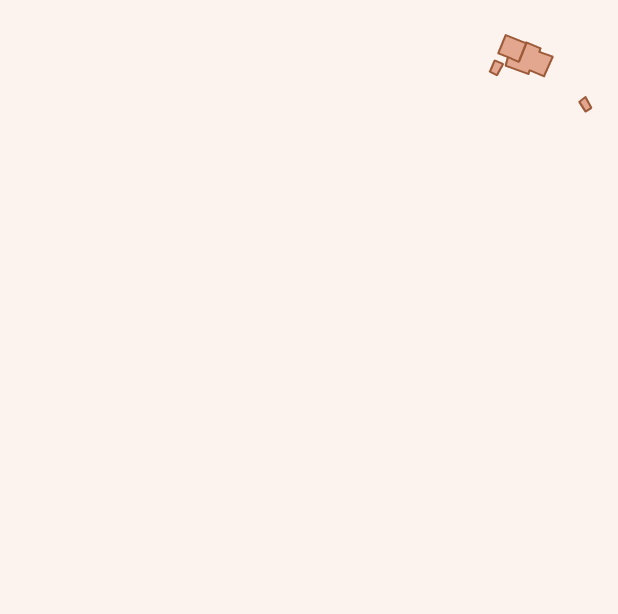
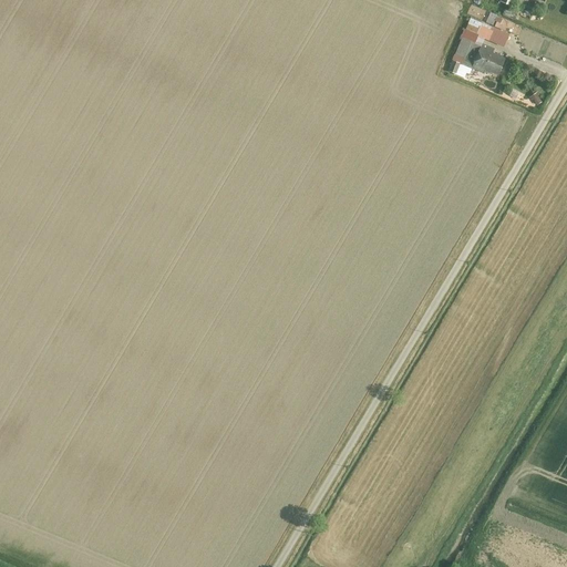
building: none -> [463,19,509,47]

